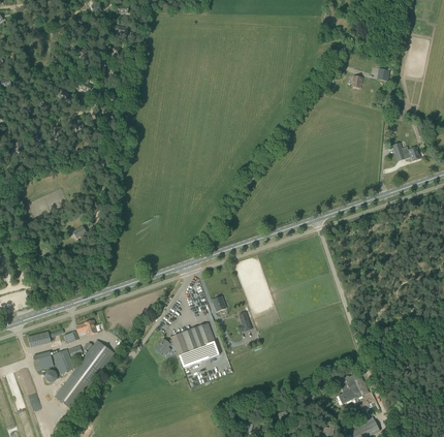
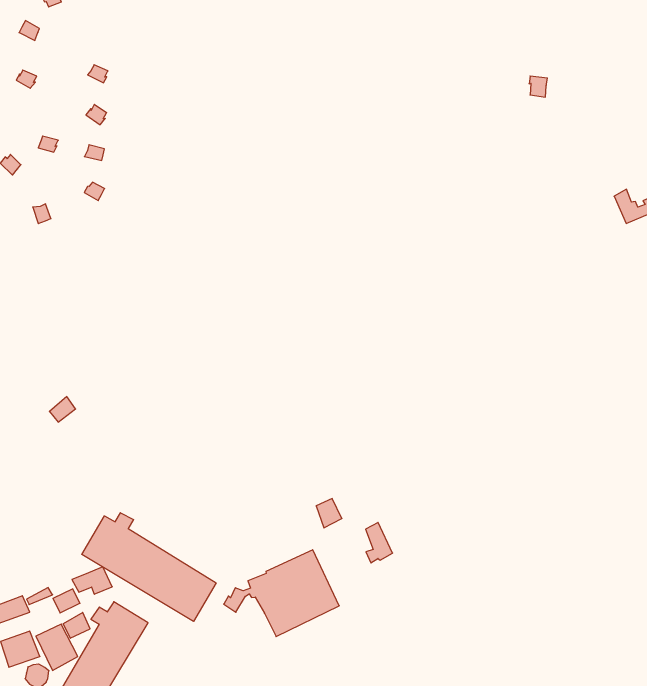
building: none -> [82,513,216,621]
building: [335,374,362,403] -> none

